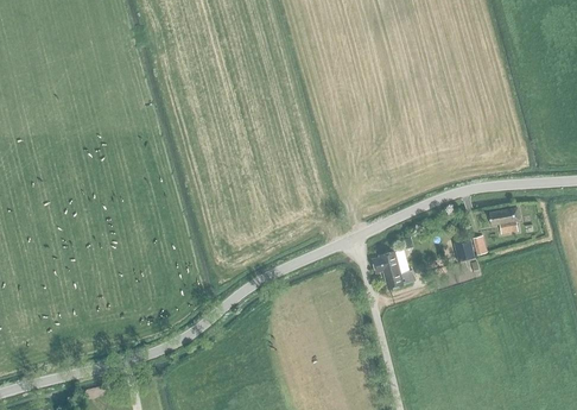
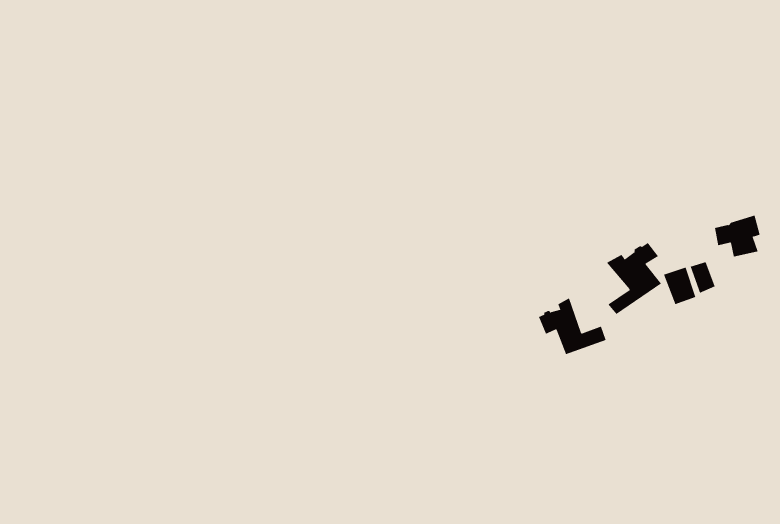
building: none -> [606,242,662,315]

